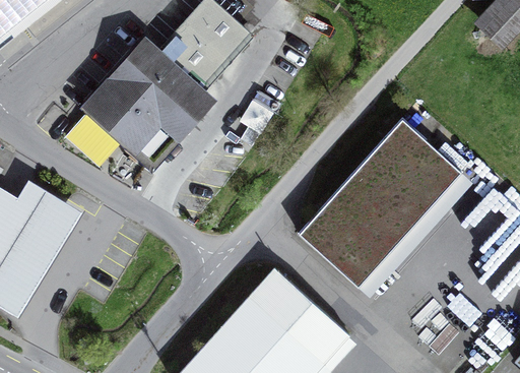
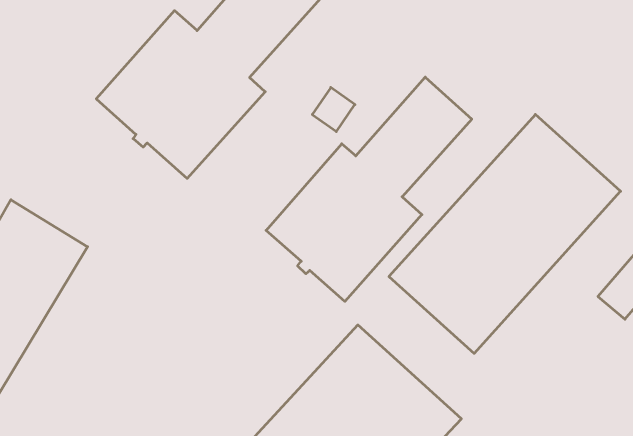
building: none -> [266,77,472,301]

